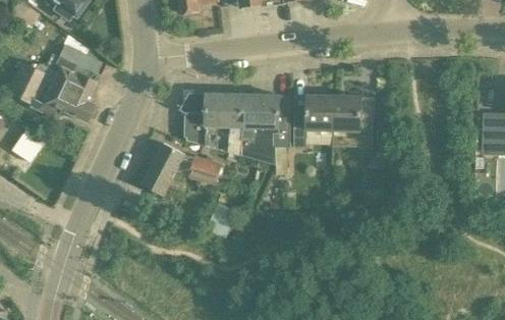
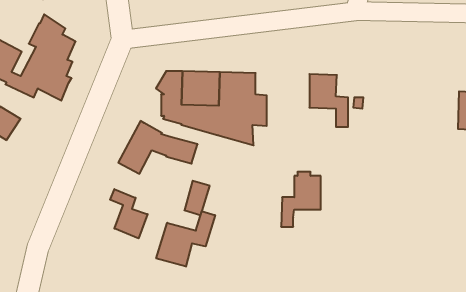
building: [293,91,333,146] -> [281,172,321,227]
building: none -> [110,189,148,238]
building: none -> [156,211,215,267]

